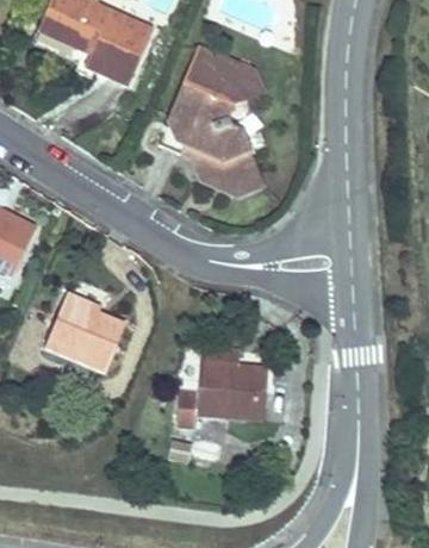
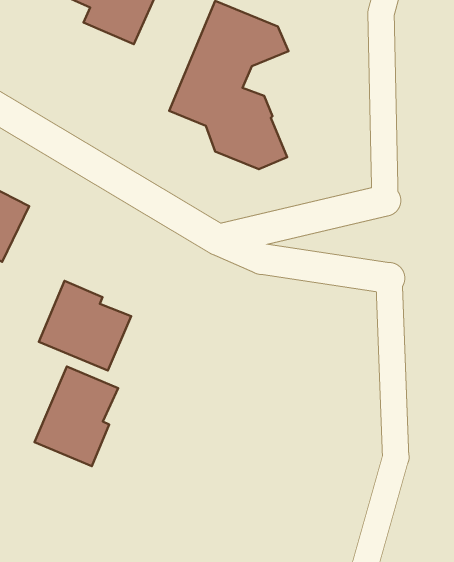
building: [176,361,267,425] -> none
building: none -> [34,367,118,466]

